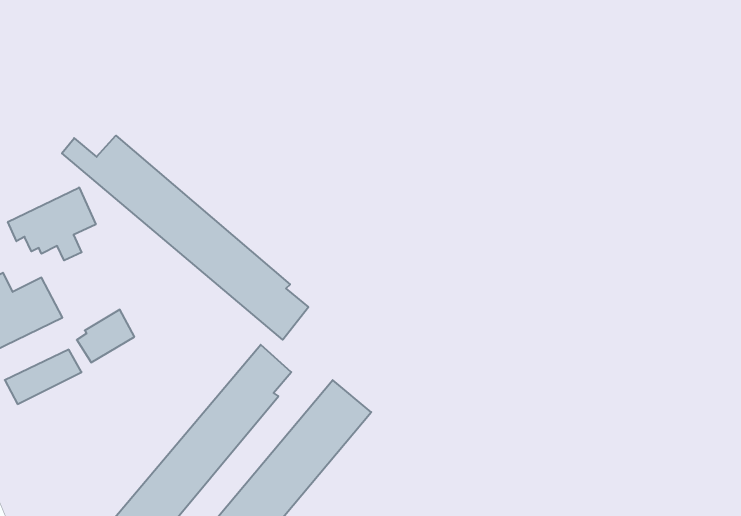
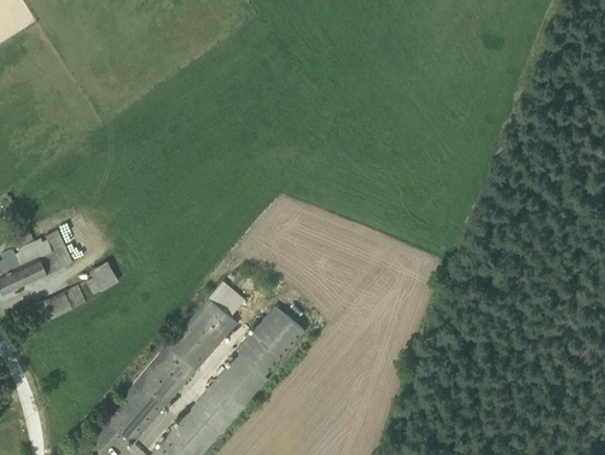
building: [62,136,308,340] -> none
building: [8,187,96,260] -> none

